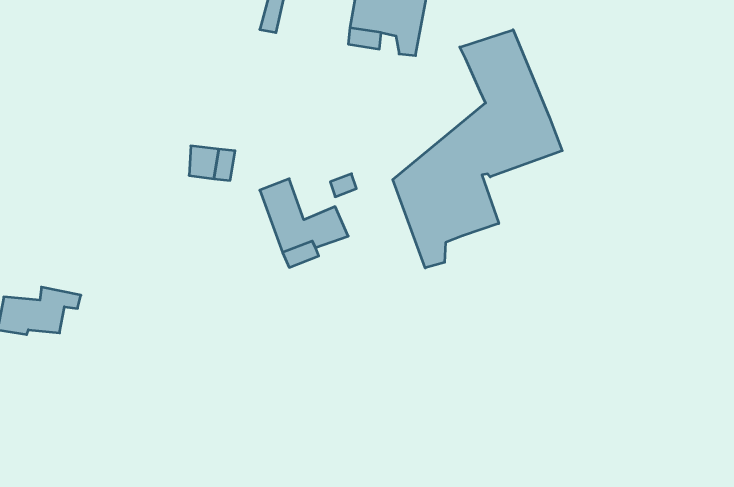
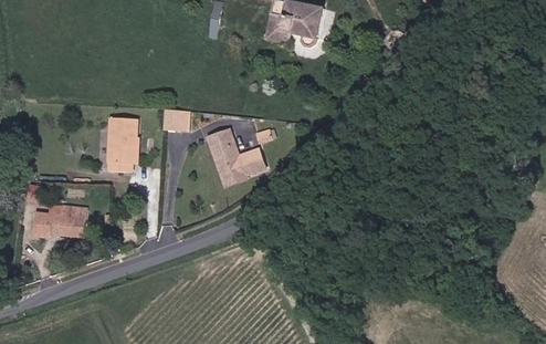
building: [393,30,562,268] -> none
building: none -> [108,117,133,171]

